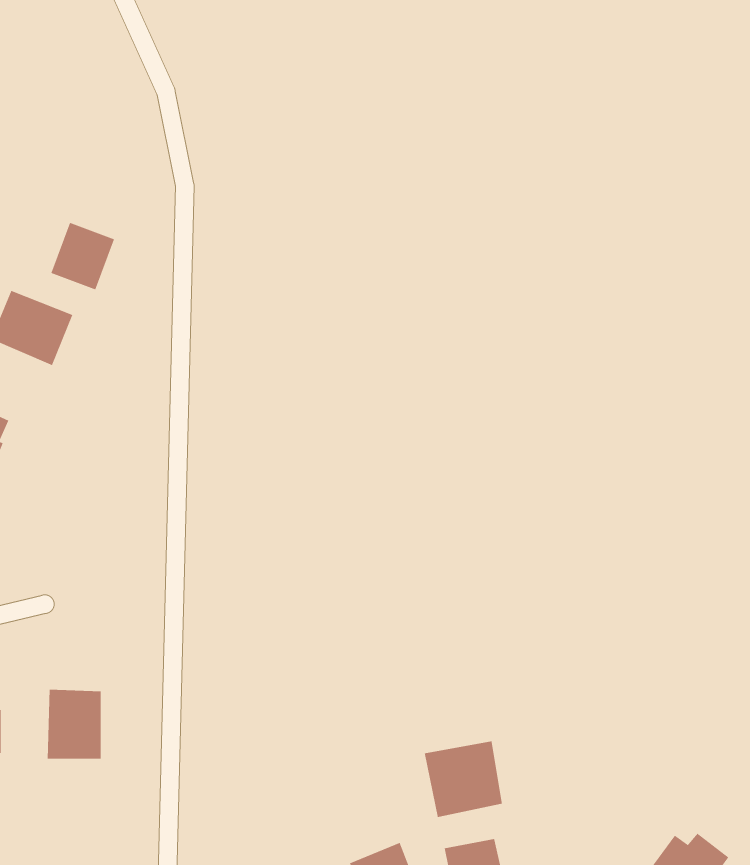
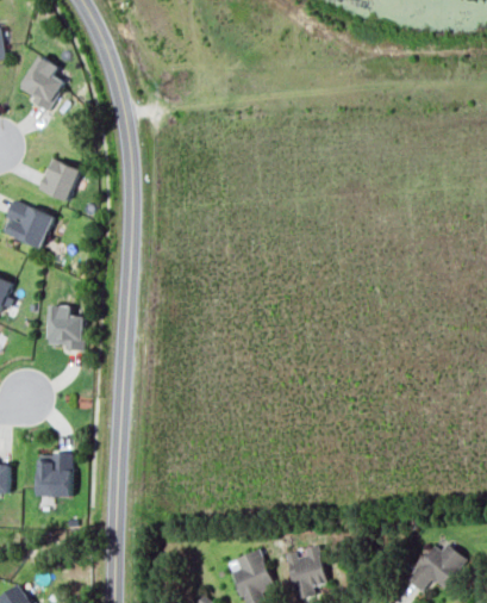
building: none -> [19,56,69,110]
building: none -> [48,306,86,352]
building: [424,740,503,818] -> none

